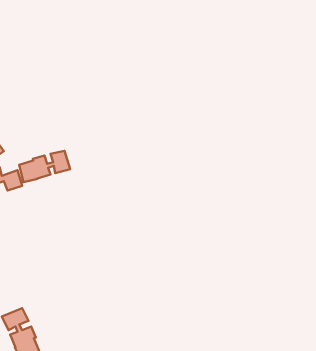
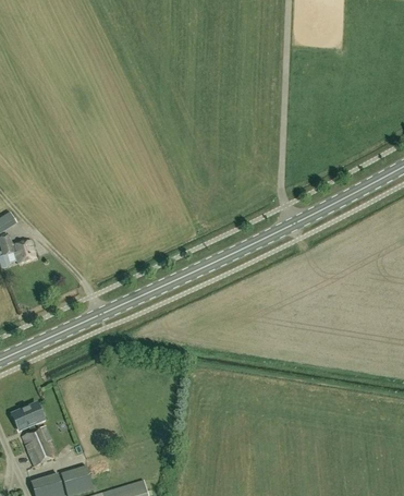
building: [19,151,70,182] -> none

